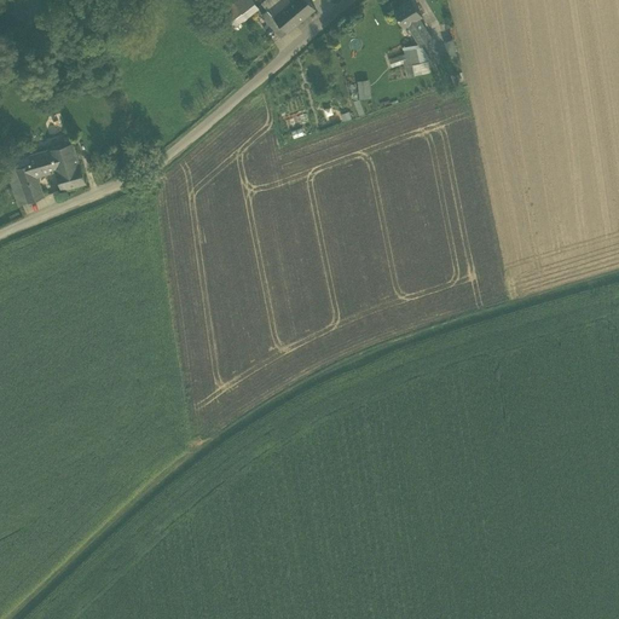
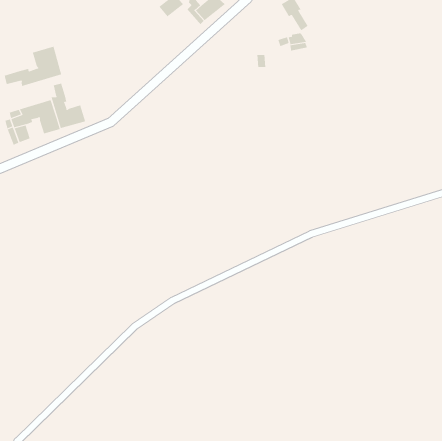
building: none -> [4,46,62,87]
building: none -> [51,83,86,129]

